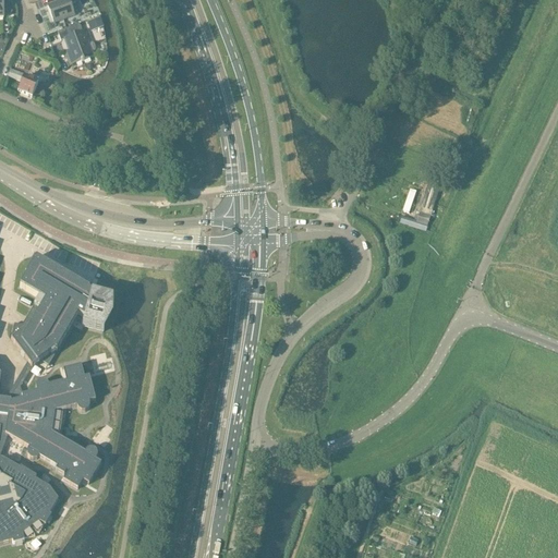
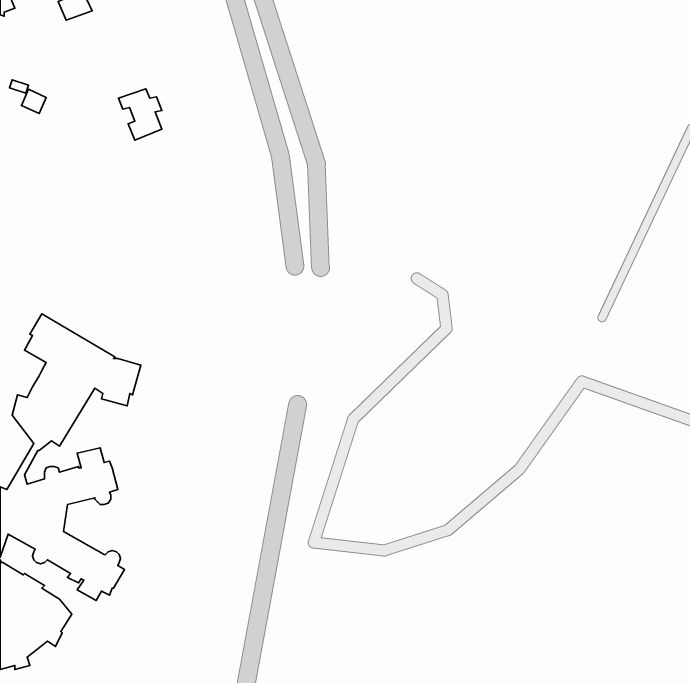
building: [58,19,93,60] -> [119,89,162,140]

